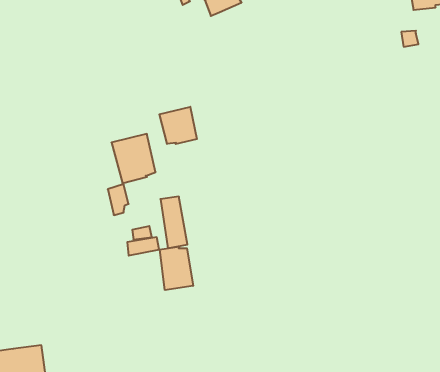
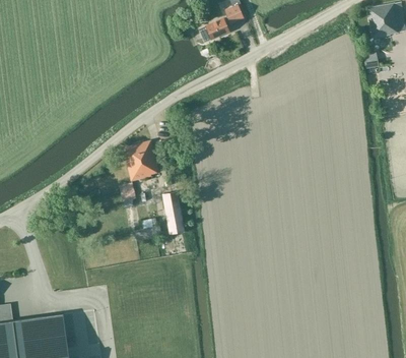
building: [159,107,197,144] -> none
building: [160,247,193,290] -> none

